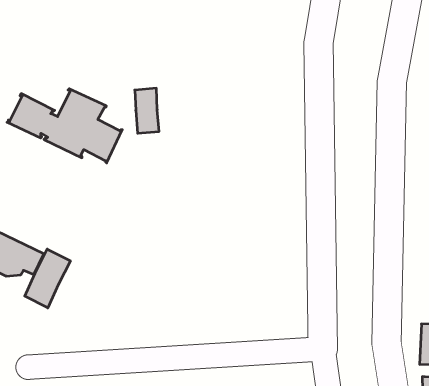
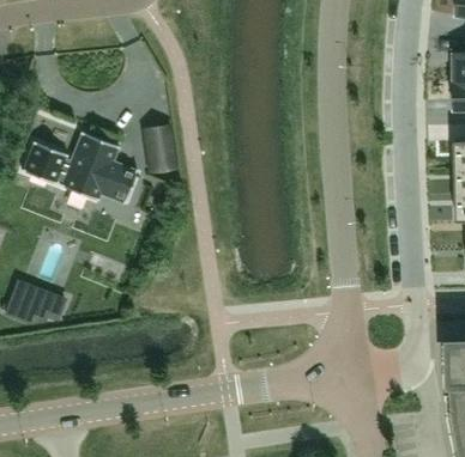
building: [25,249,70,308] -> none

